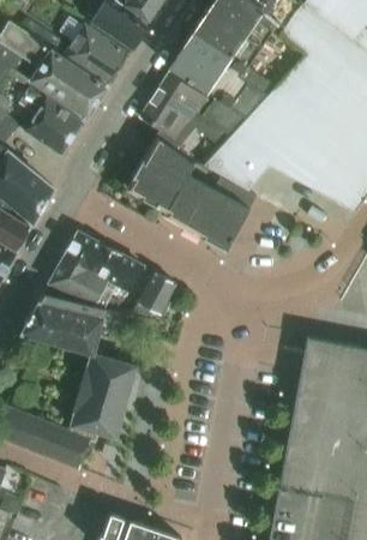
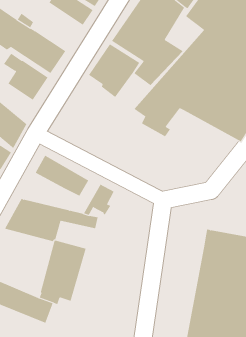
building: [64,23,128,84] -> none
building: [126,136,249,248] -> none
building: [44,256,116,308] -> none

